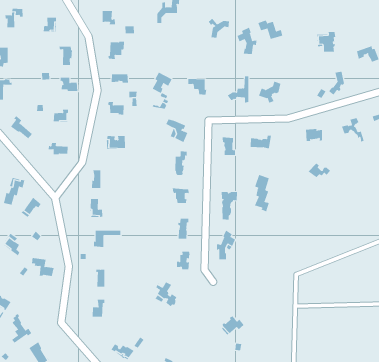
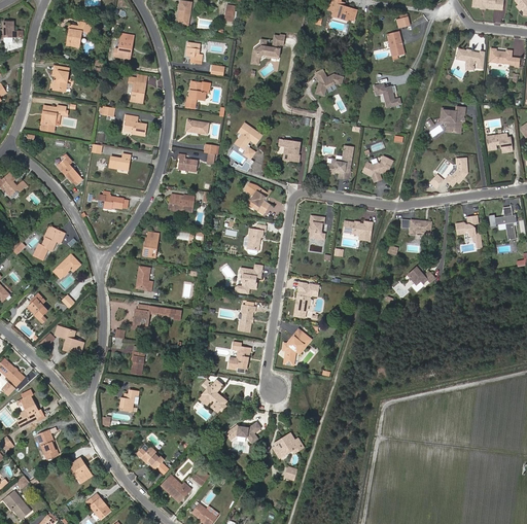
building: [237,27,257,55] -> none
building: [254,174,270,212] -> none
building: none -> [226,421,261,444]

